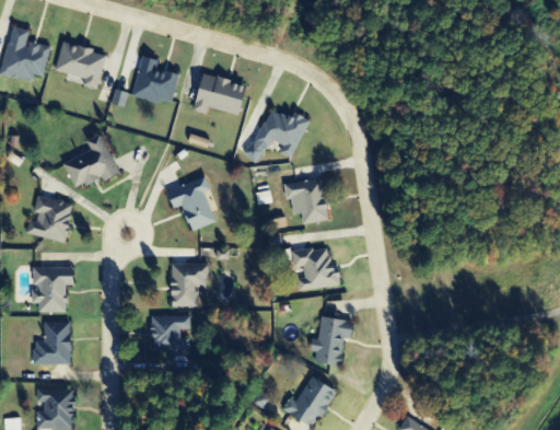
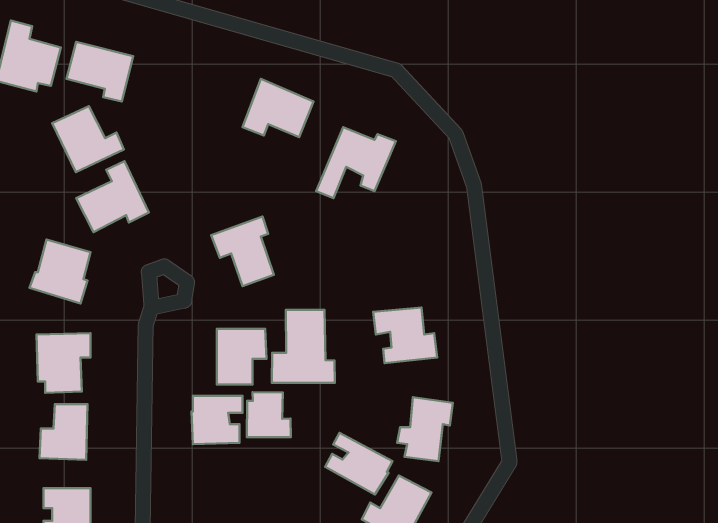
building: [133,57,178,104] -> none
building: none -> [52,106,124,172]
building: [283,179,327,223] -> none
building: none -> [272,310,335,383]
building: none -> [247,392,291,437]
building: none -> [325,433,393,494]

